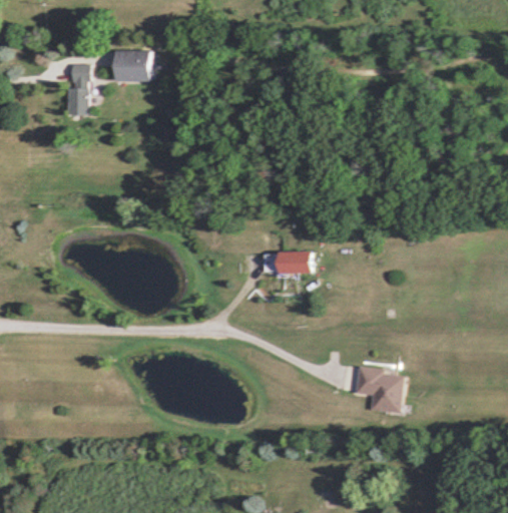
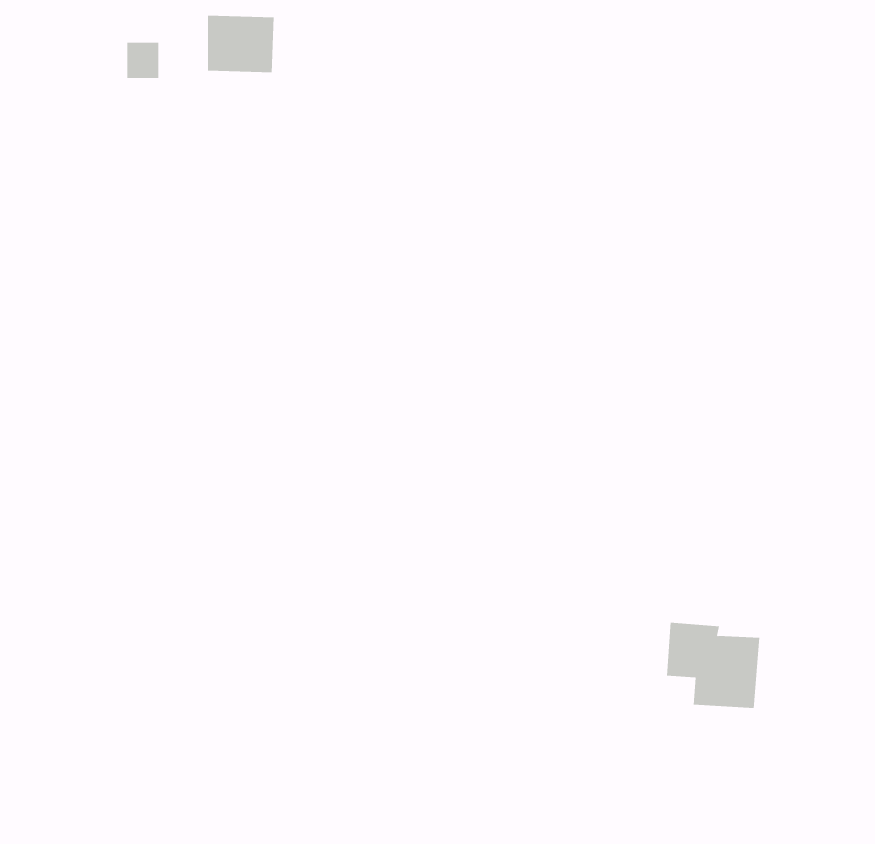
building: [68,87,88,114] -> none
building: [265,250,309,274] -> none

